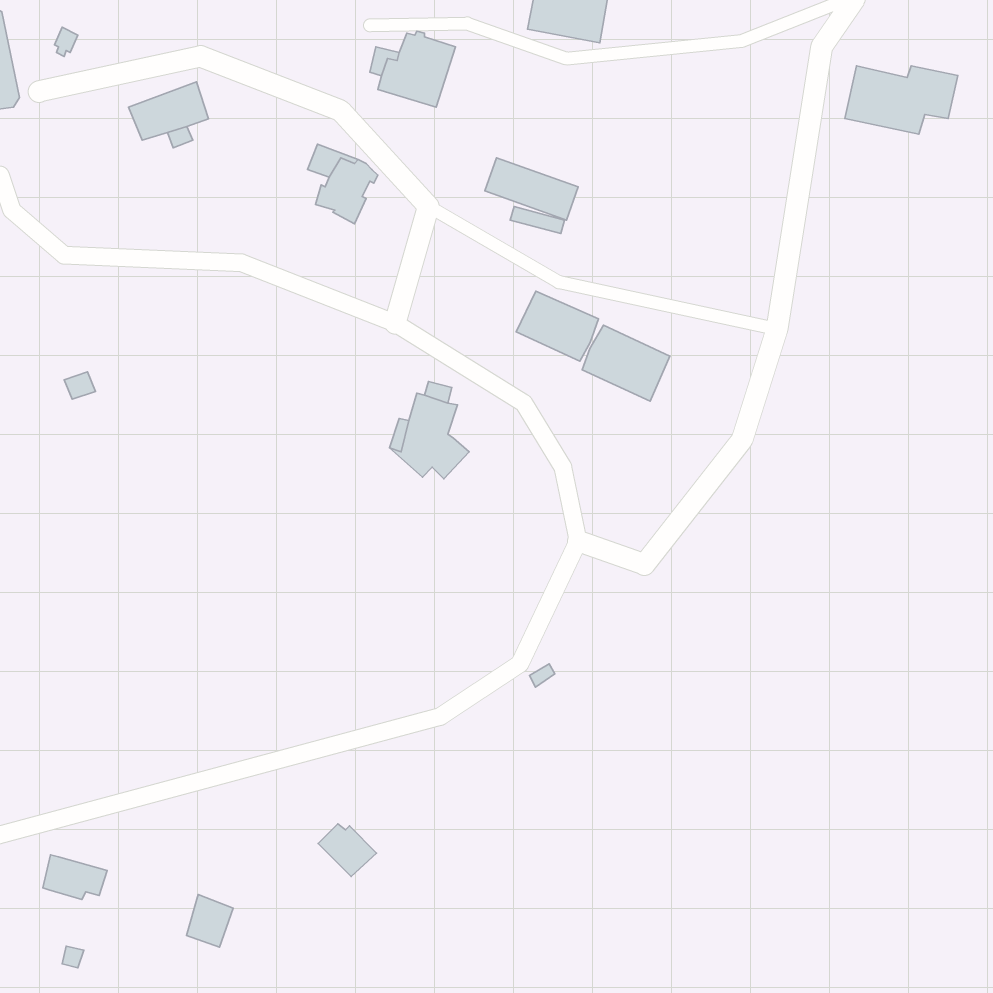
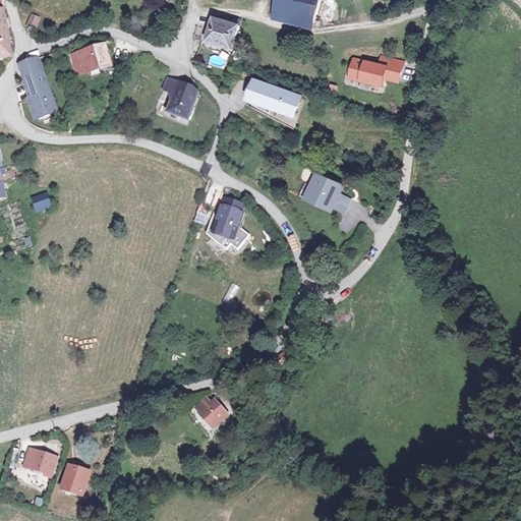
building: [845,66,958,134] -> [345,54,404,90]
building: none -> [18,57,57,123]
building: [516,291,598,361] -> none
building: [318,824,377,877] -> [194,395,225,422]
building: [187,895,233,947] -> [63,465,88,493]

